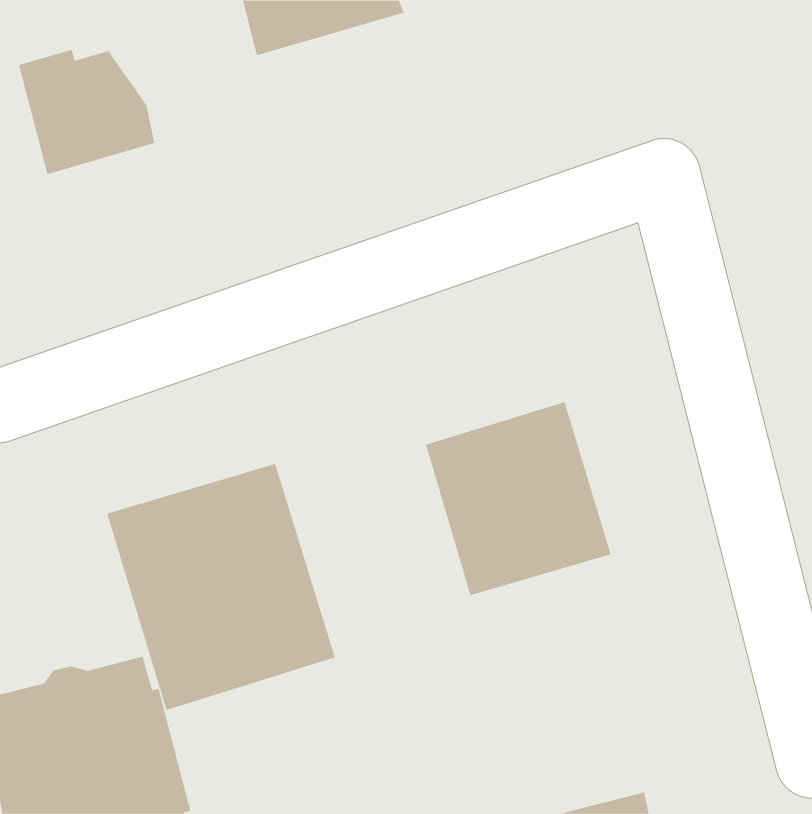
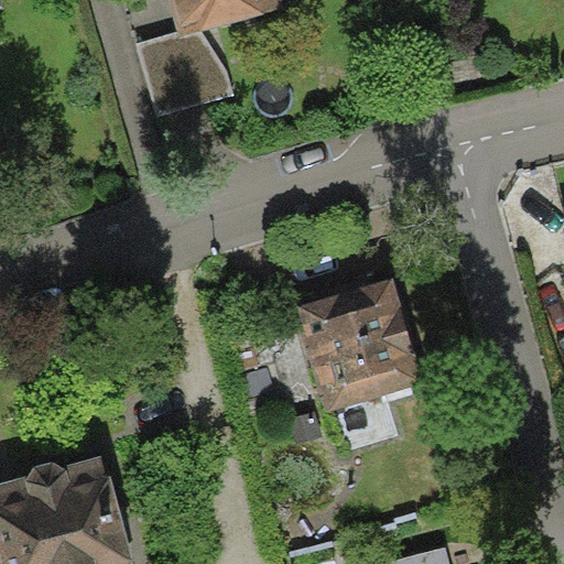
building: [18,49,155,175] -> [138,31,232,118]
building: [106,463,336,711] -> none

